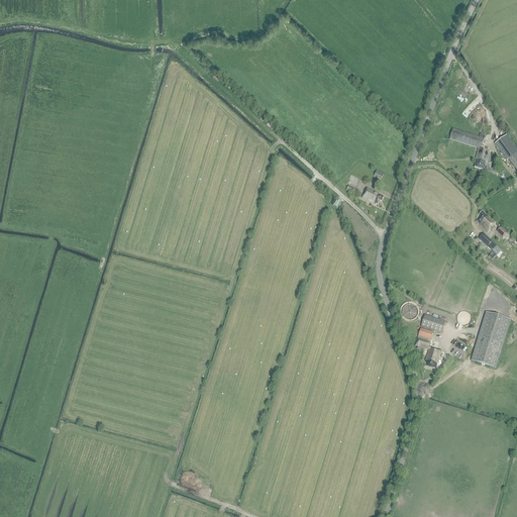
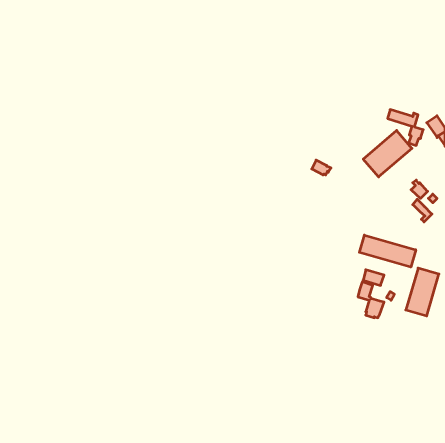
building: none -> [363,130,412,177]
building: none -> [359,235,416,267]

